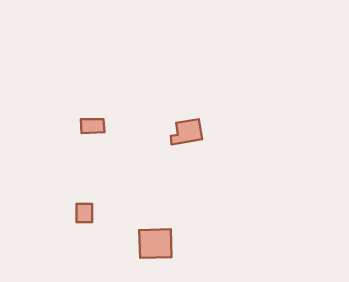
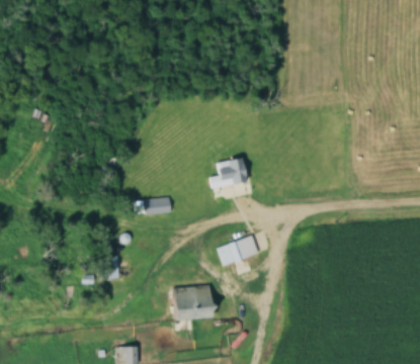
building: [81,119,104,133] -> [145,198,172,214]
building: none -> [219,236,259,266]

